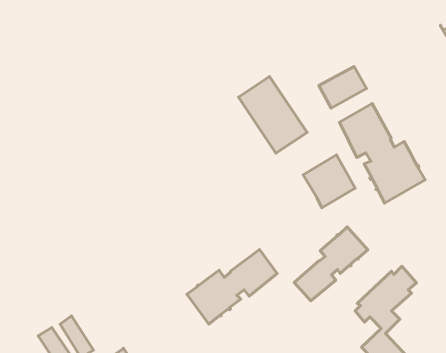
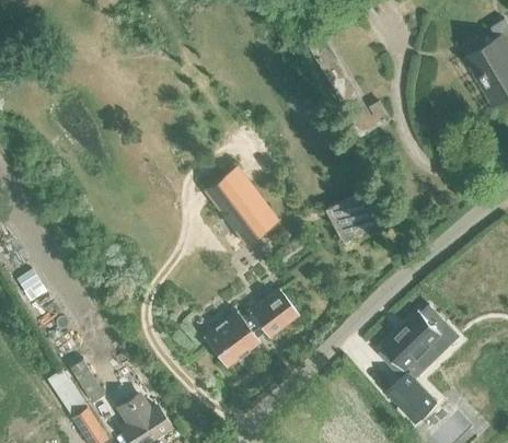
building: [238,76,307,153] -> [200,165,273,246]
building: [340,104,425,203] -> none
building: [294,227,368,301] -> none

